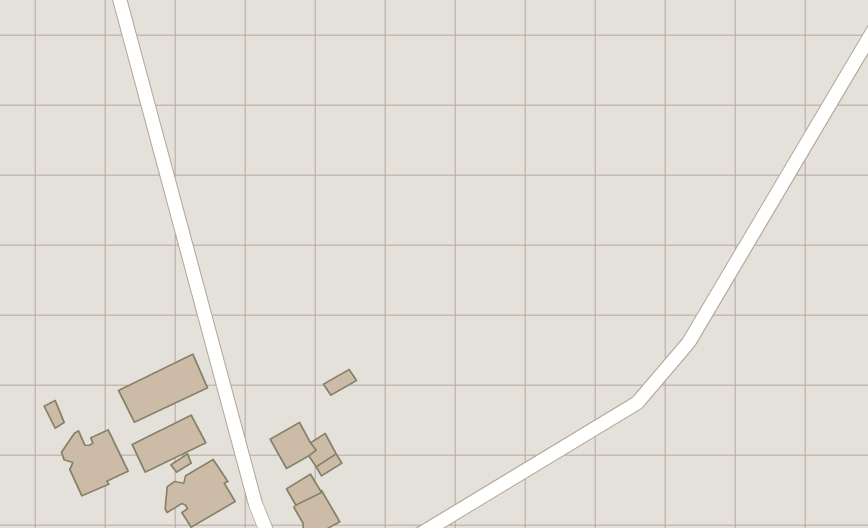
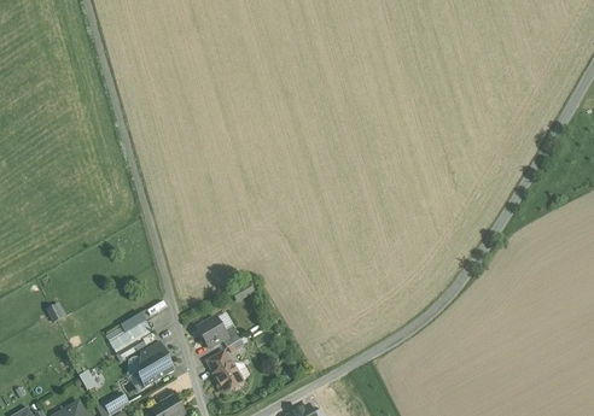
building: [118,354,208,422] -> none
building: [62,430,128,496] -> none

